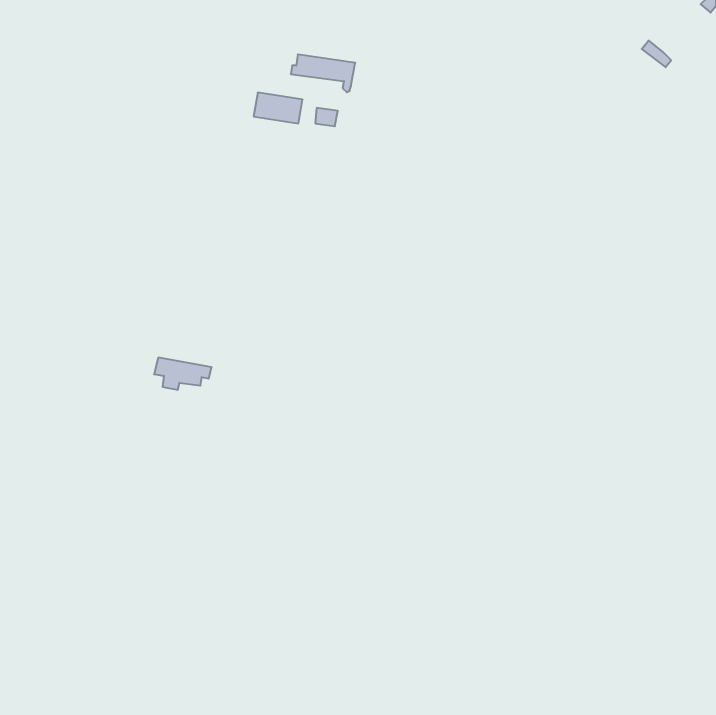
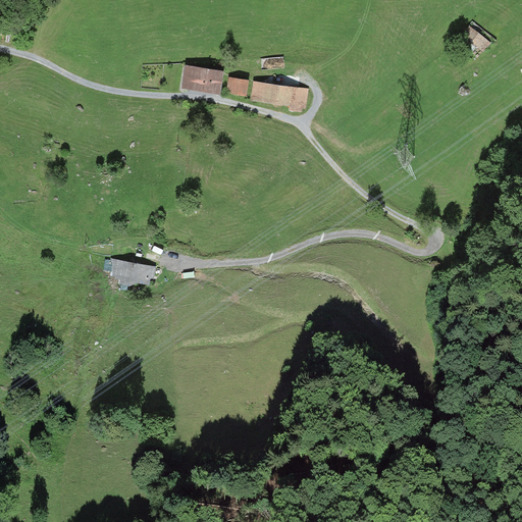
building: [291,54,355,92] -> [252,83,299,110]

